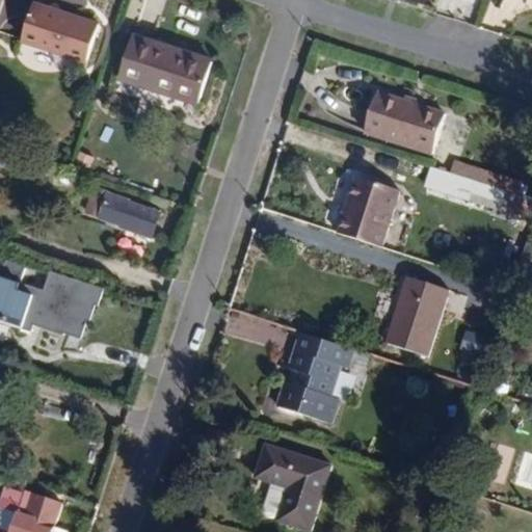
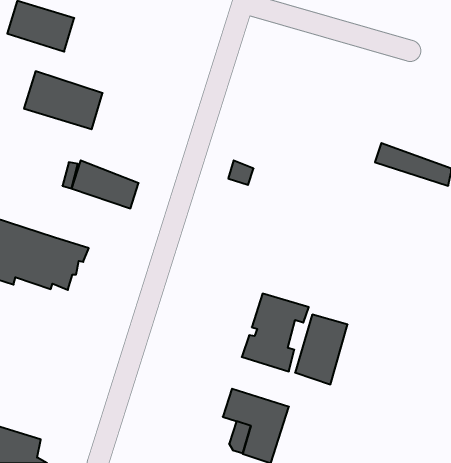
building: [115,35,206,102] -> [24,71,103,129]
building: [367,88,448,153] -> none
building: [340,174,402,245] -> none
building: [388,274,448,354] -> [295,315,348,384]

